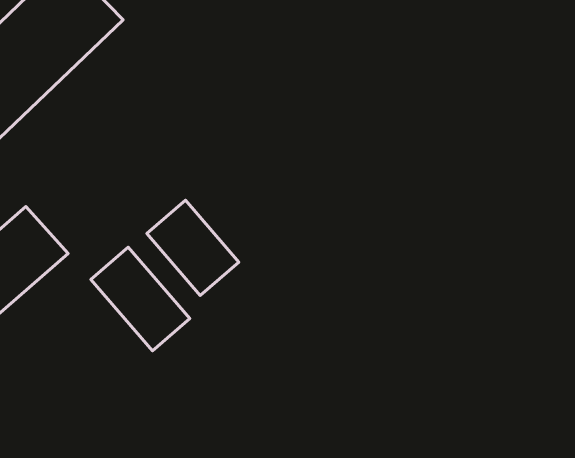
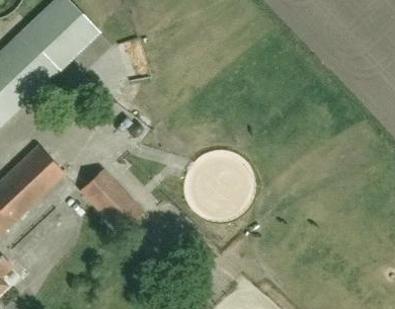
building: [147,200,239,295] -> none

